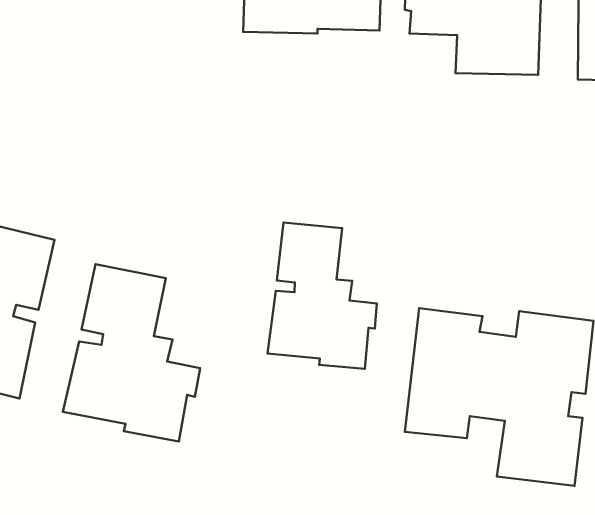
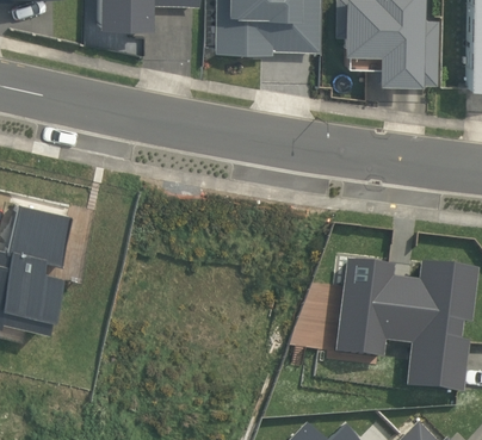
building: [268,223,377,369] -> none
building: [63,264,200,441] -> none

